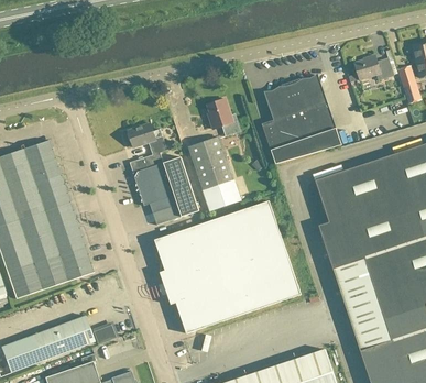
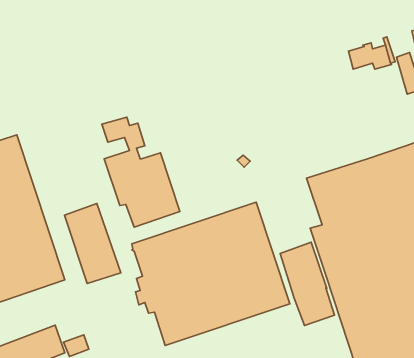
building: [262,75,340,163] -> none
building: [207,98,240,135] -> none
building: [188,136,240,210] -> [64,203,121,284]
building: none -> [280,242,334,325]

